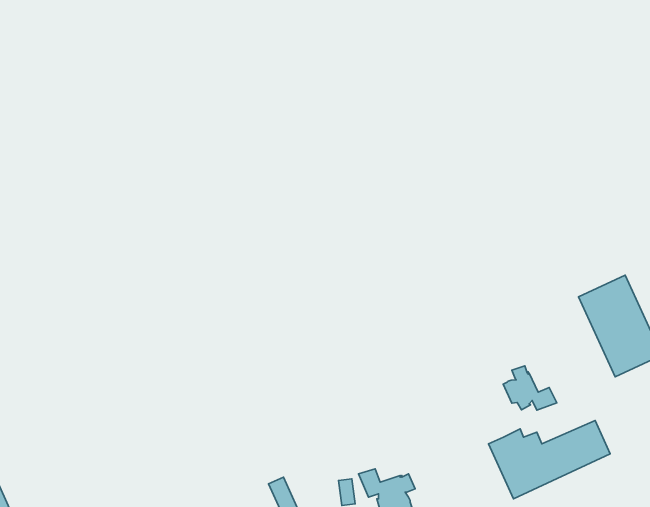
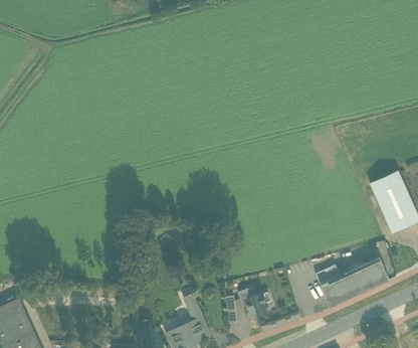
building: [503,366,557,410] -> none

